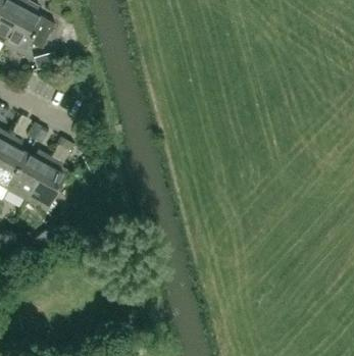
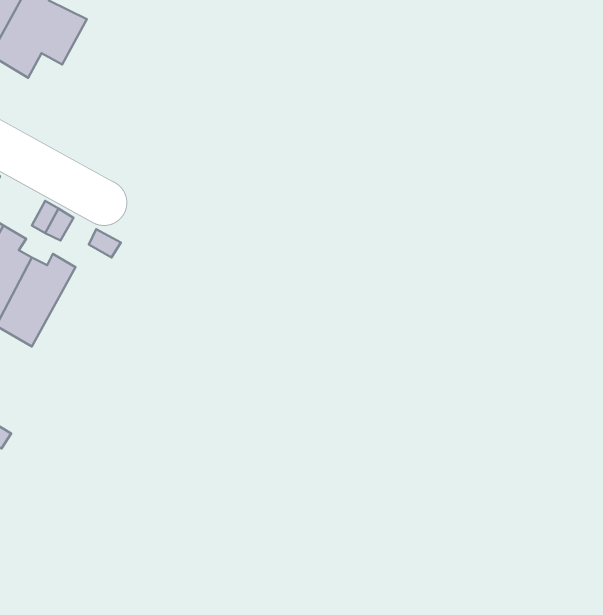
building: [27,158,67,212] -> none

